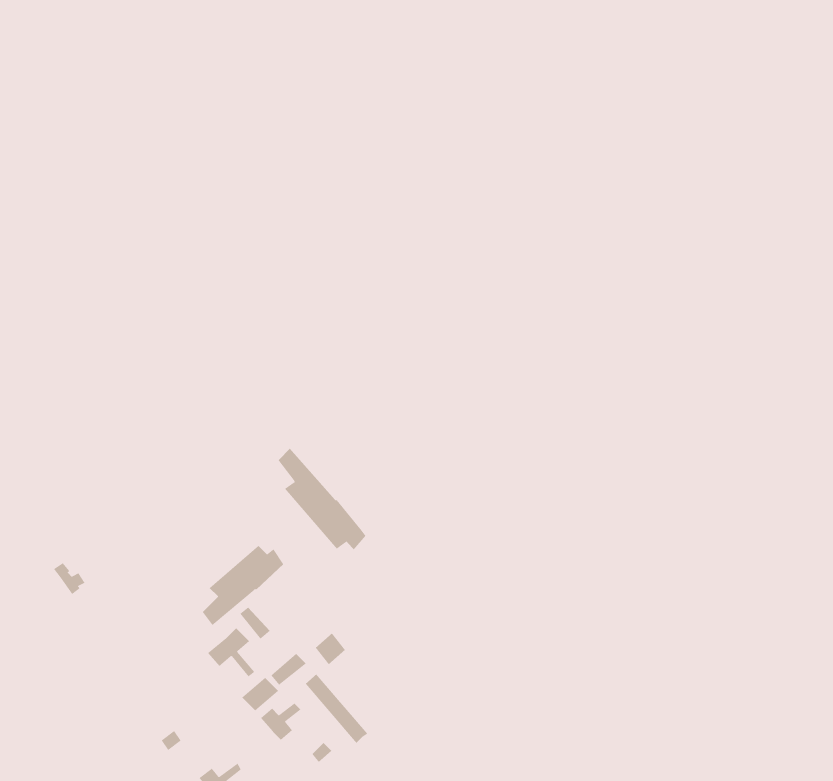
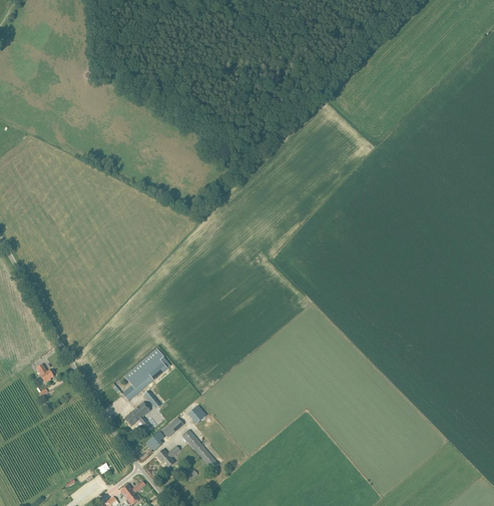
building: [278,448,366,550] -> none

